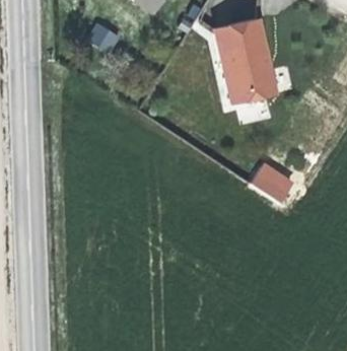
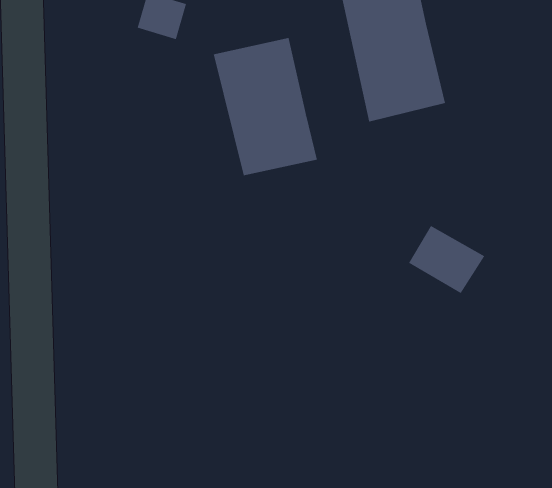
building: none -> [213,37,317,176]

